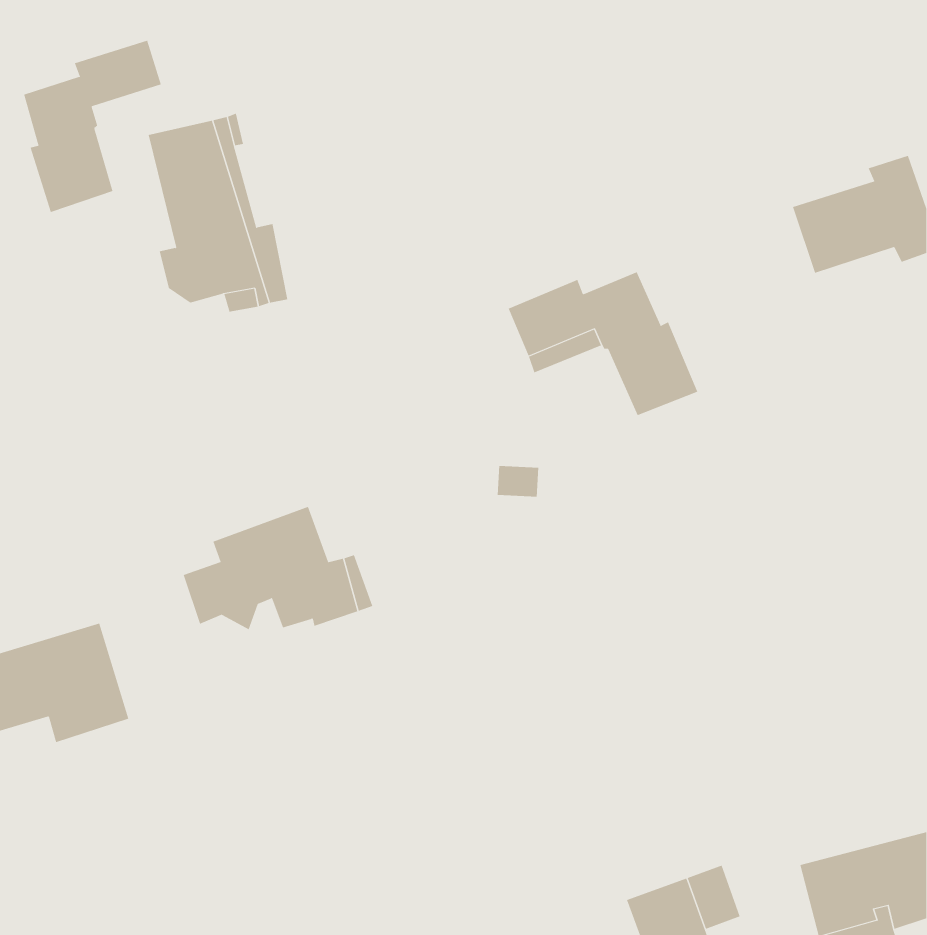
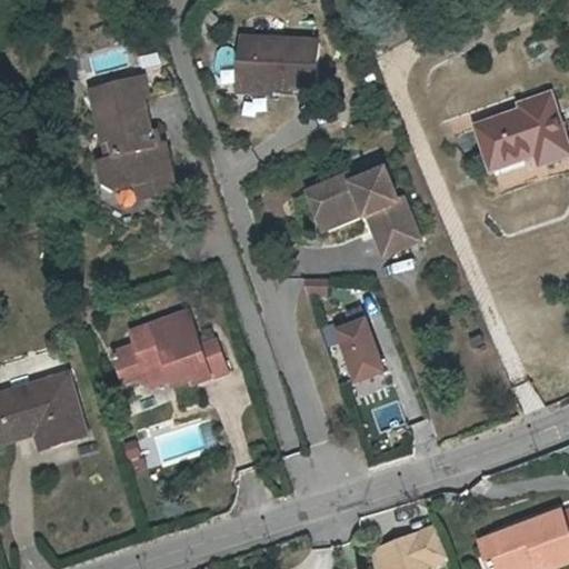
building: [23,40,162,213] -> none
building: none -> [237,36,318,89]
building: none -> [332,319,379,380]

